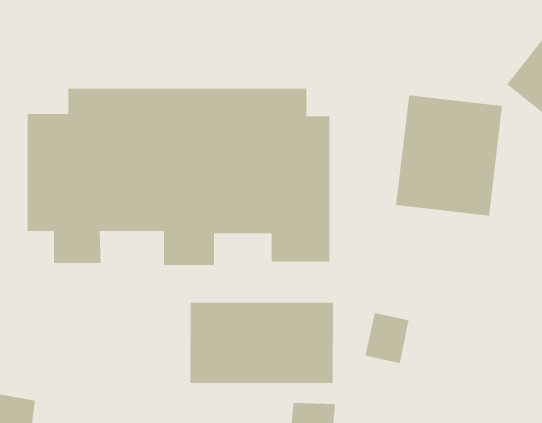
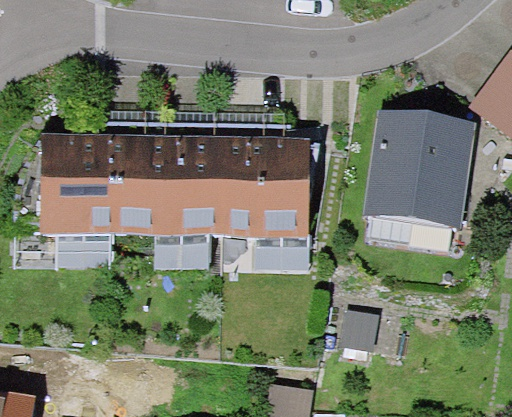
building: [189,302,334,384] -> none

